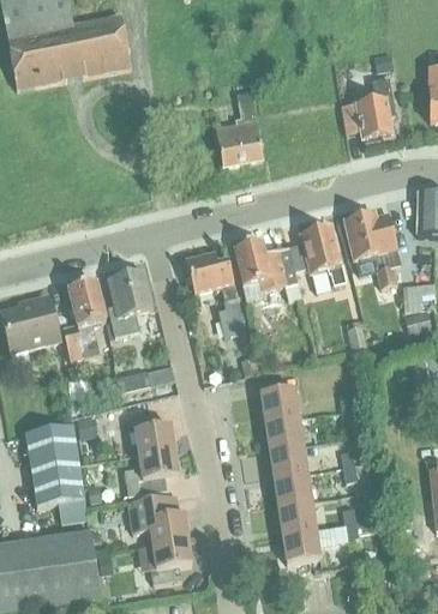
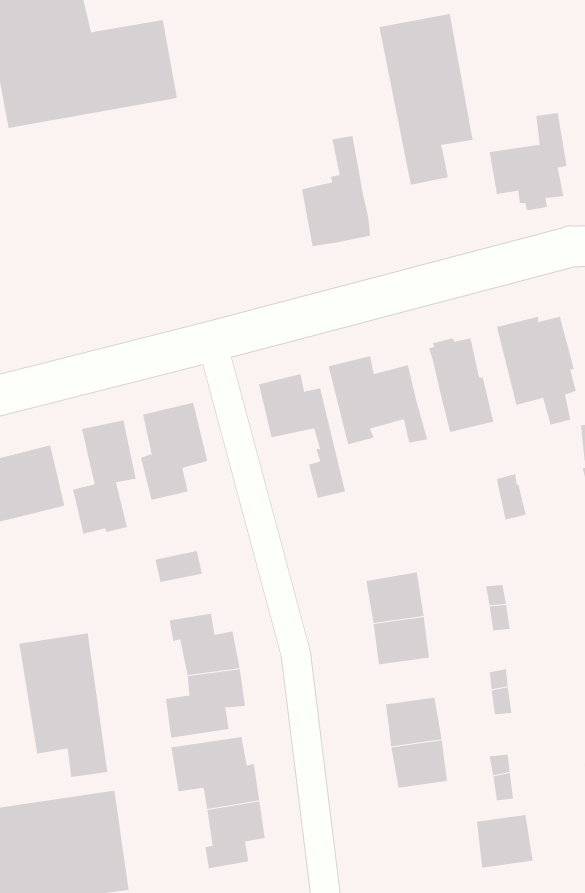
building: none -> [379,13,473,186]
building: [268,441,306,472] -> none
building: [281,524,319,560] -> [476,814,533,868]

